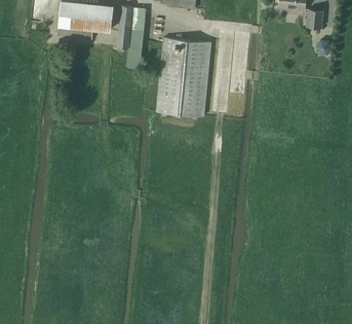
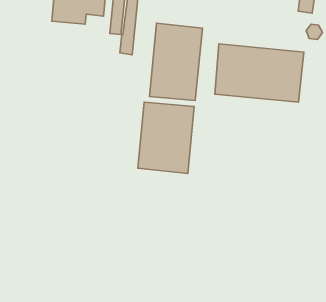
building: none -> [215,44,304,102]
building: none -> [138,102,194,174]

